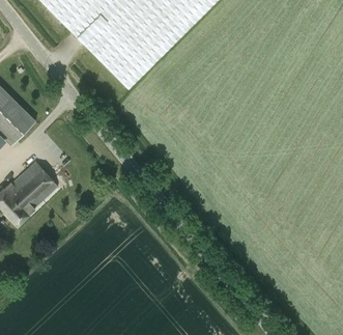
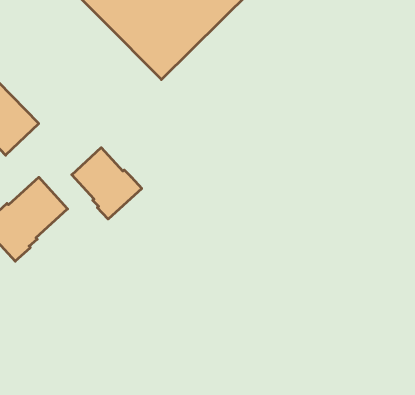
building: none -> [72,148,142,219]

